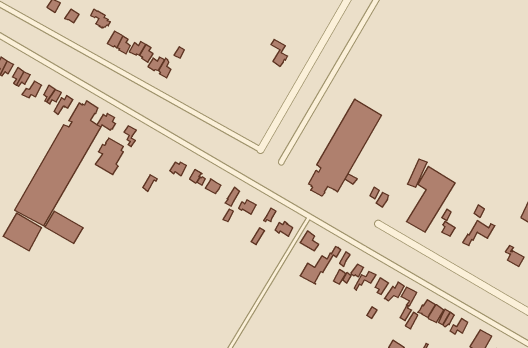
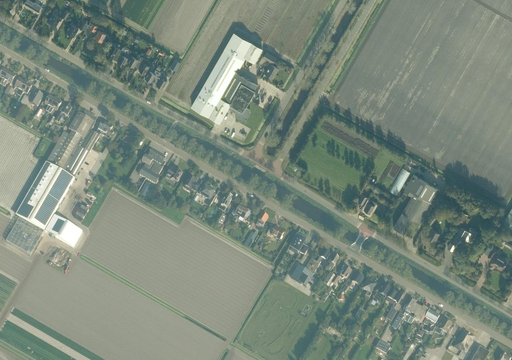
building: none -> [191,30,262,120]
building: [309,99,381,196] -> none
building: [95,138,123,175] -> [138,148,165,183]

